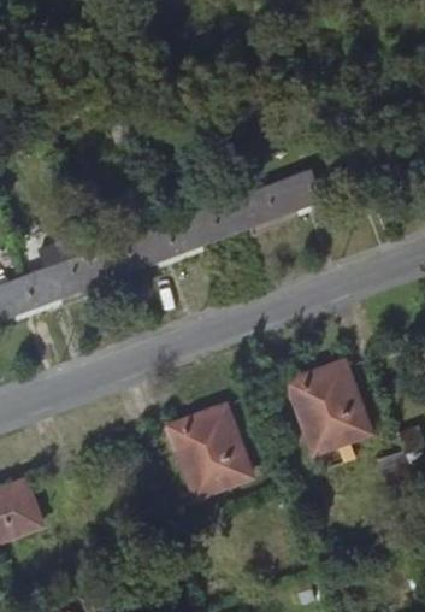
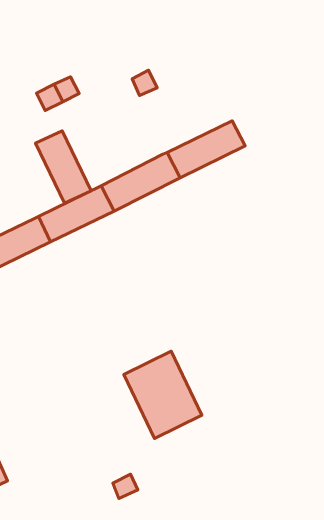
building: none -> [35,131,91,203]
building: [291,361,367,449] -> none

